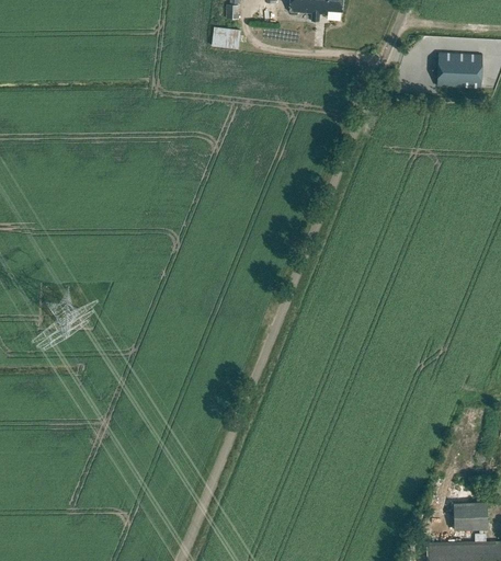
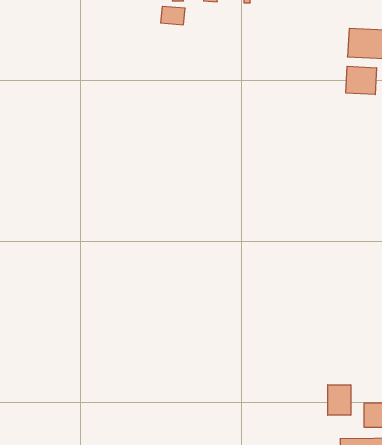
building: none -> [346,66,377,95]
building: none -> [328,385,351,415]

